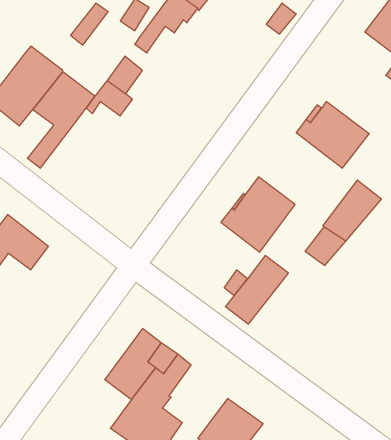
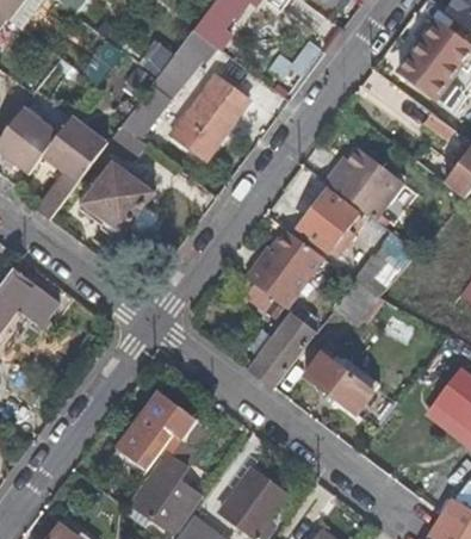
building: none -> [171,75,249,160]
building: none -> [80,163,154,236]
building: none -> [297,190,359,254]
building: none -> [303,351,374,416]

